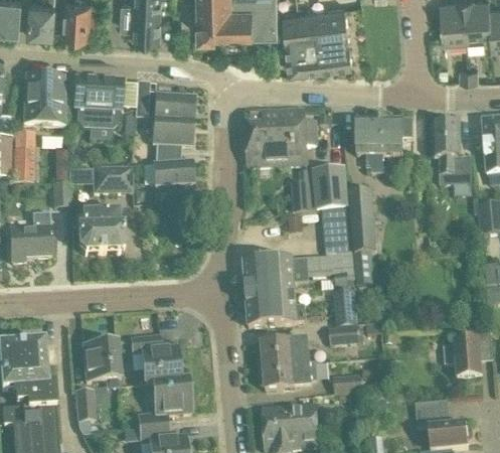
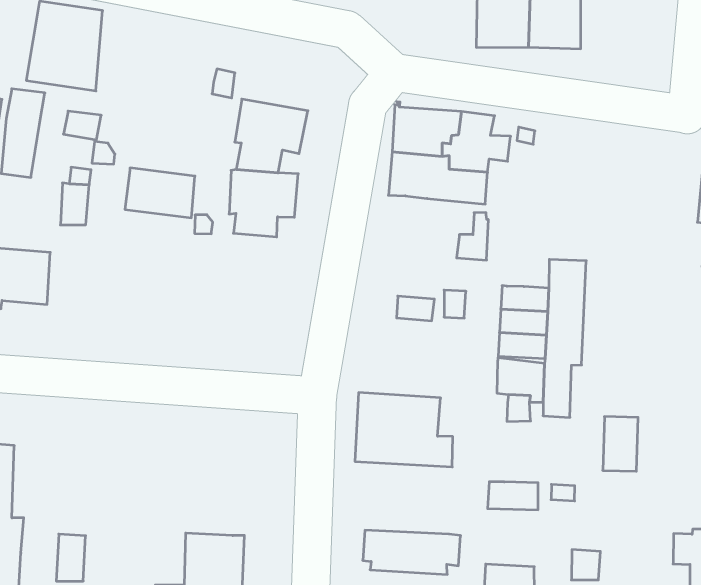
building: [74,77,122,131] -> none
building: [153,92,194,120] -> none
building: [356,118,411,172] -> none
building: [312,166,344,206] -> none
building: [76,210,124,252] -> none
building: [243,256,308,284] -> none
building: [335,292,358,326] -> [603,417,638,471]
building: [132,334,180,382] -> none
building: [257,338,309,365] -> none
building: [82,341,120,381] -> none

